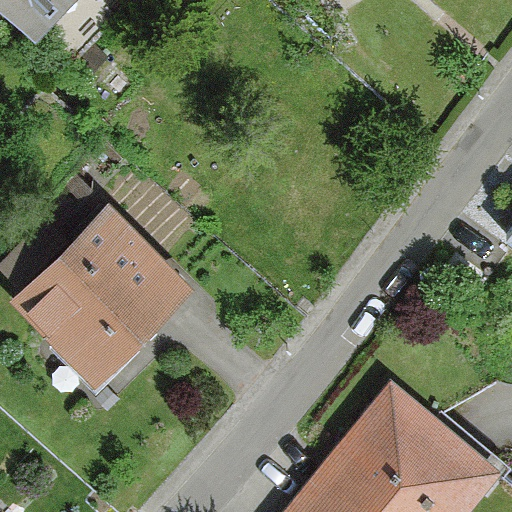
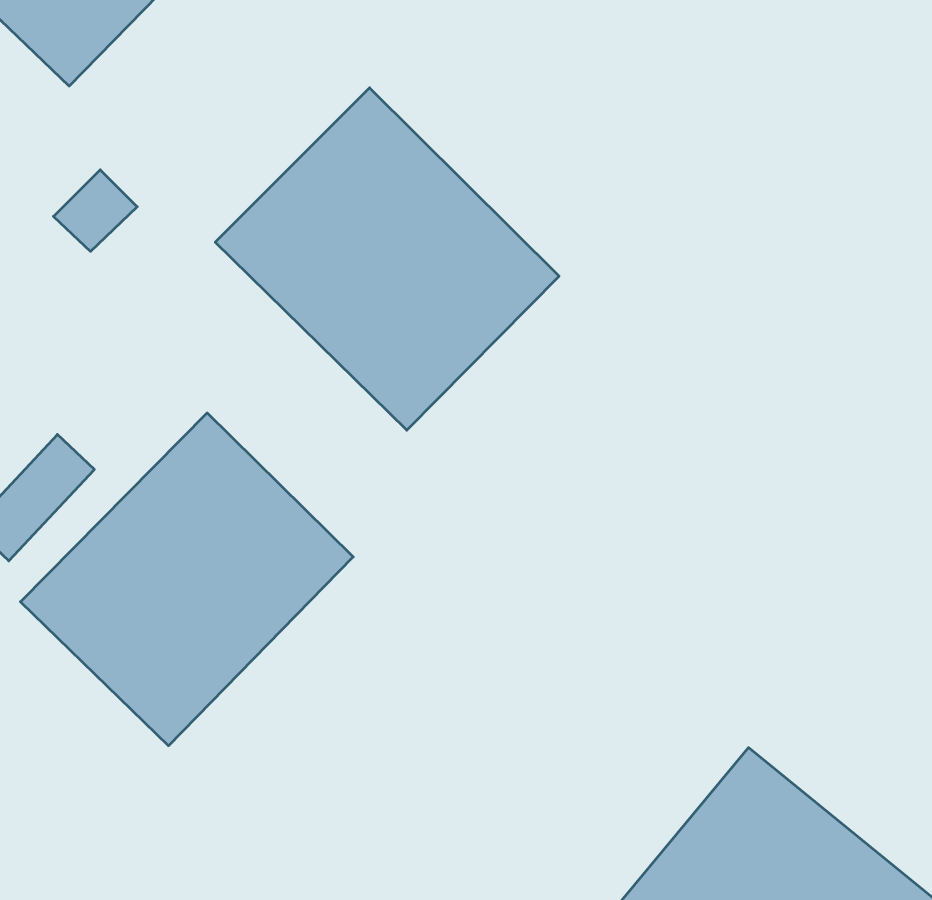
building: none -> [215,88,559,430]

